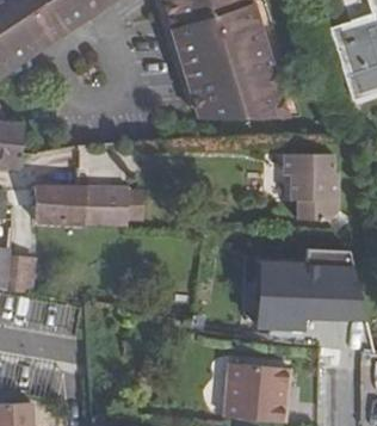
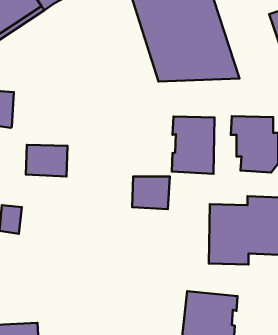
building: none -> [172,117,214,174]
building: [84,187,129,227] -> [132,177,170,209]

